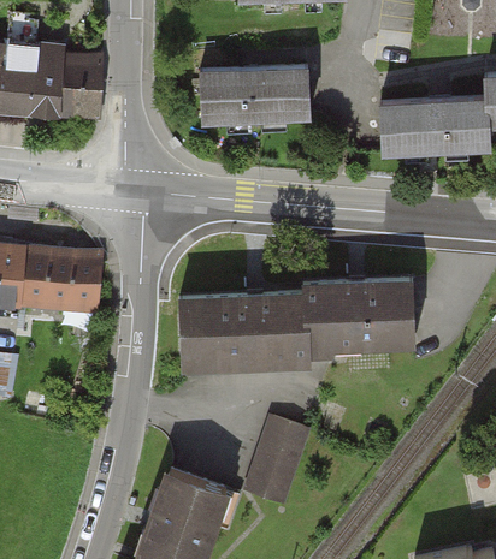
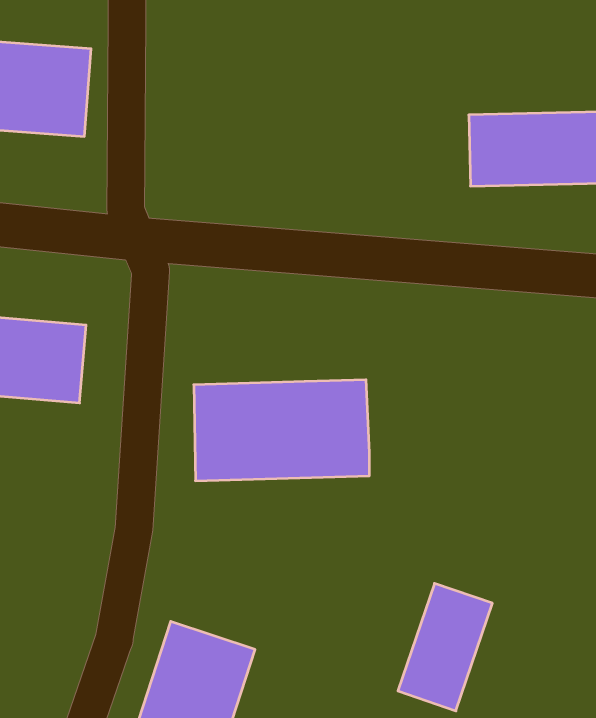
building: [200,67,307,121] -> none
building: [303,281,414,347] -> none
building: [249,409,318,501] -> [398,583,492,711]

